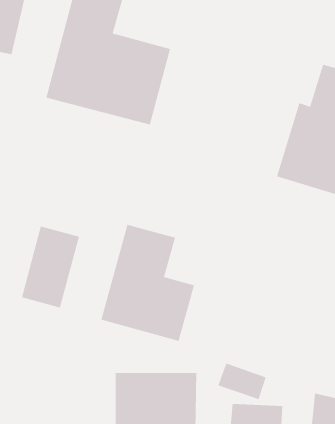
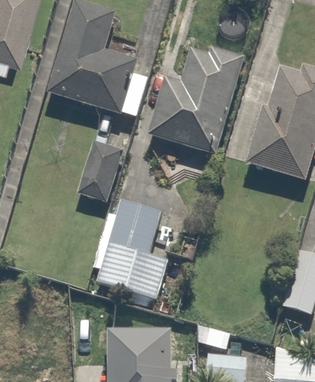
building: none -> [146,42,245,157]
building: [21,226,80,308] -> [76,134,125,203]

